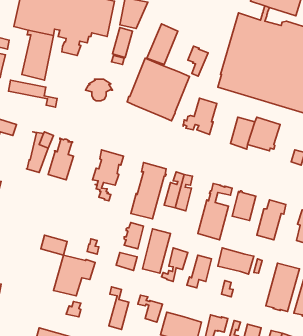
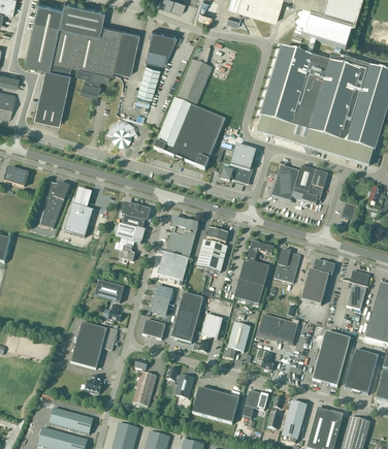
building: [188,46,208,76] -> none
building: [8,80,57,107] -> none
building: [41,235,67,255] -> [94,280,124,302]

